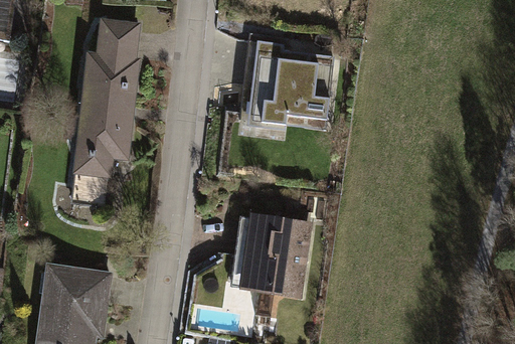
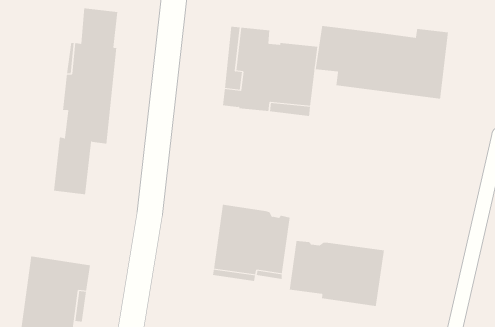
building: none -> [315,25,448,100]
building: none -> [289,240,385,307]

